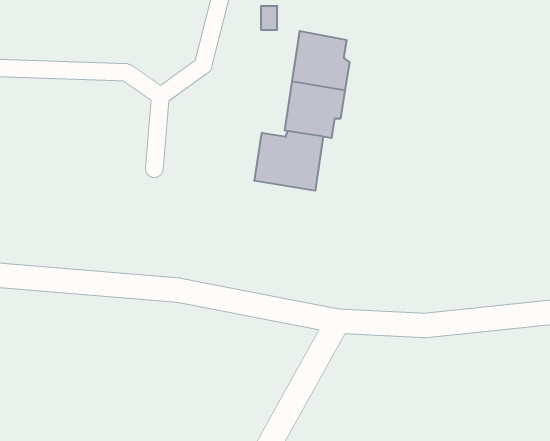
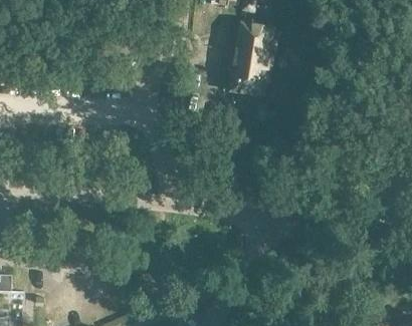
building: [254,131,323,191] -> none

